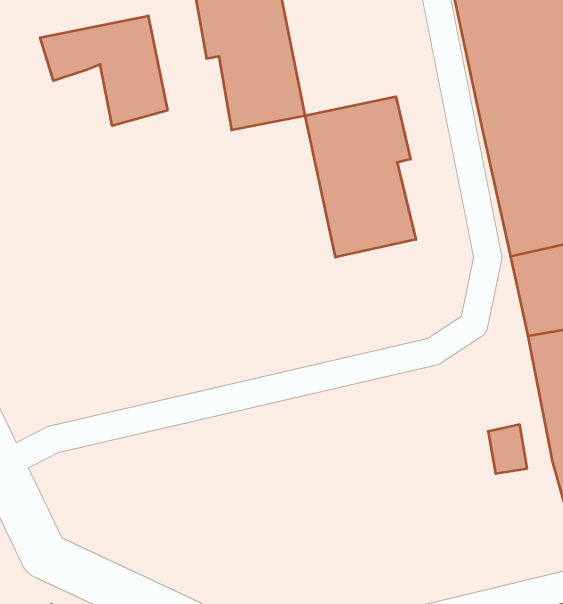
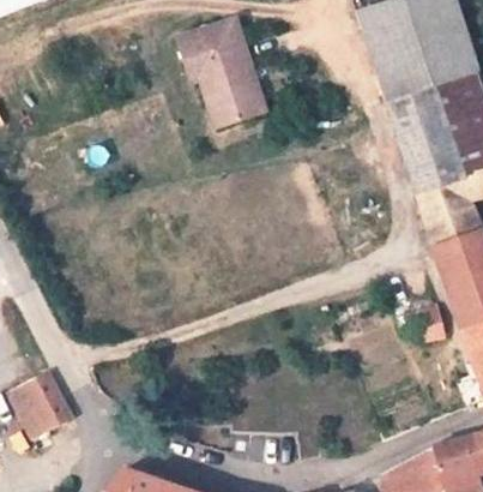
building: [40,16,167,126] -> none
building: [305,97,416,257] -> none

